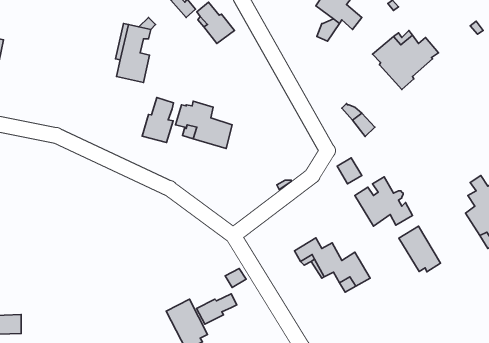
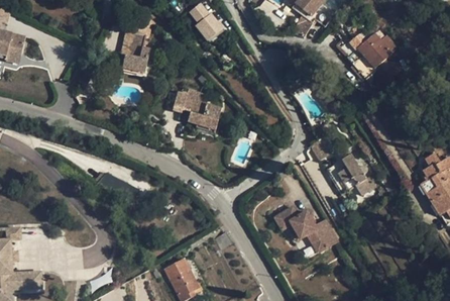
building: [142,98,174,142] -> none
building: [399,226,441,272] -> none
building: [196,294,237,324] -> none

